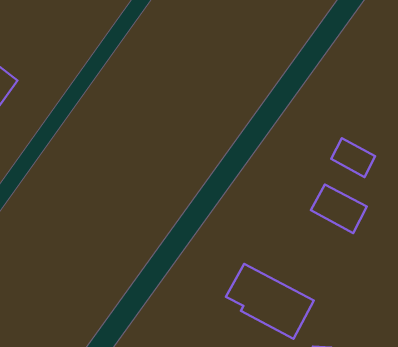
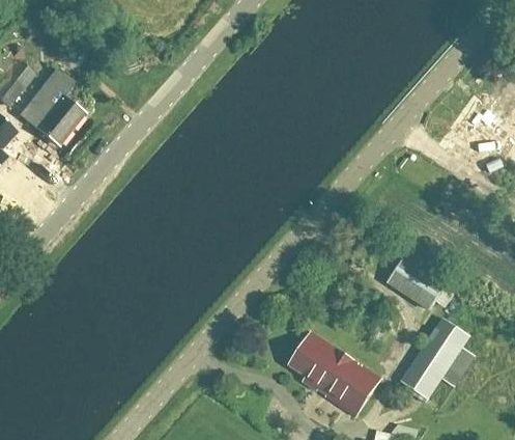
building: [331,138,375,177] -> none
building: none -> [400,319,468,400]

